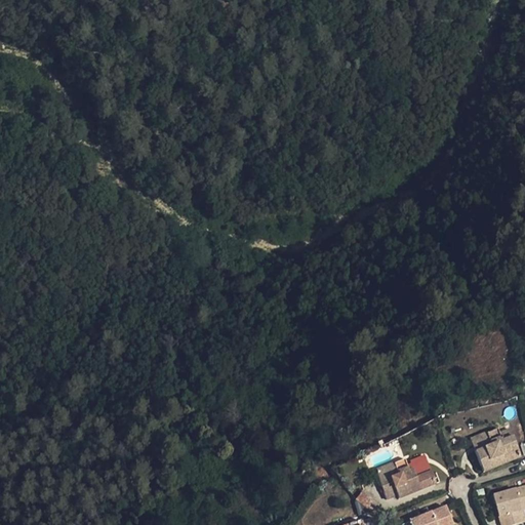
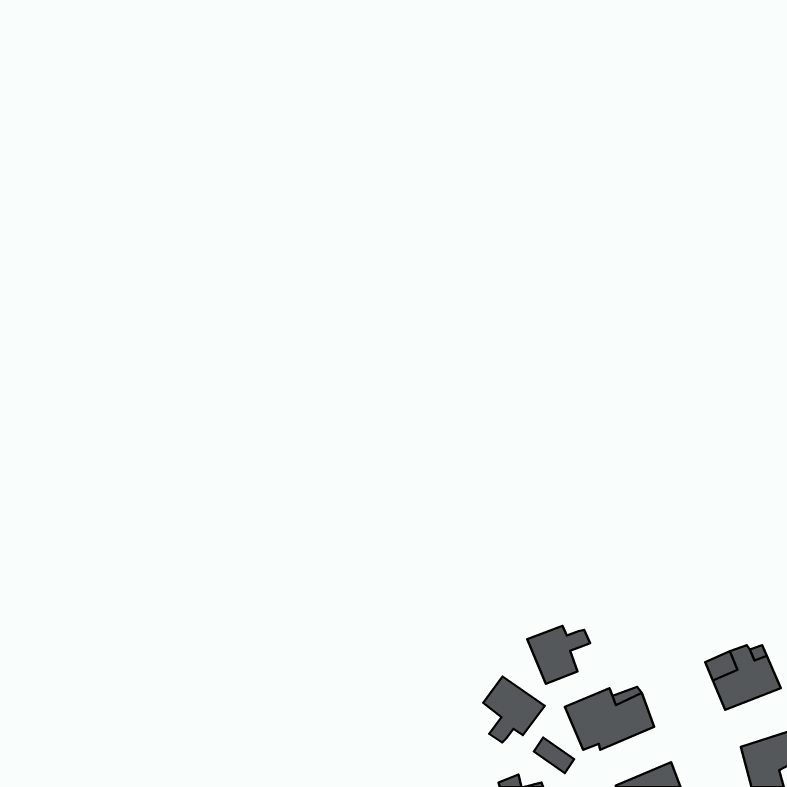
building: none -> [527,626,590,684]
building: none -> [483,676,545,743]

